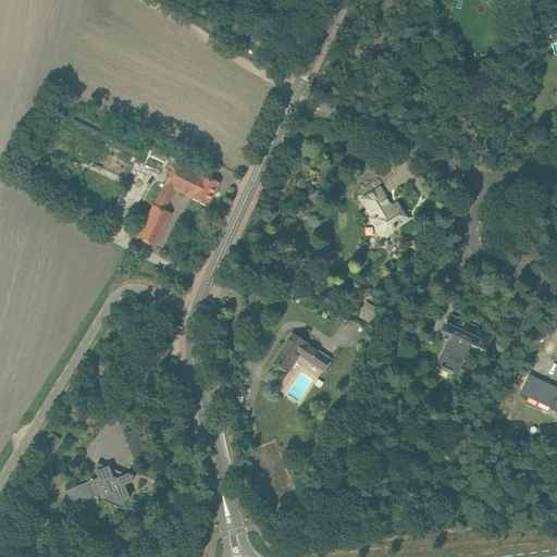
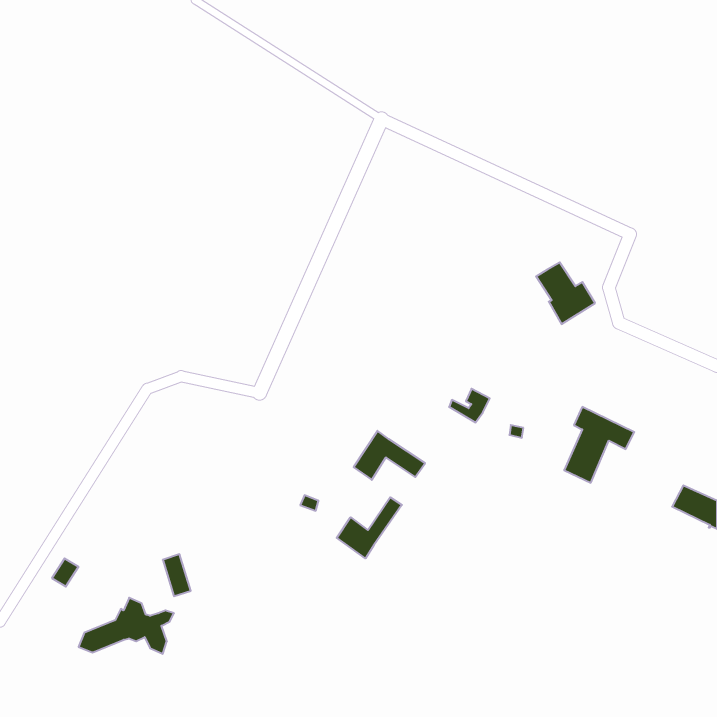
building: [137,162,220,247] -> none
building: [361,188,407,236] -> [536,262,595,324]
building: none -> [337,497,402,558]

